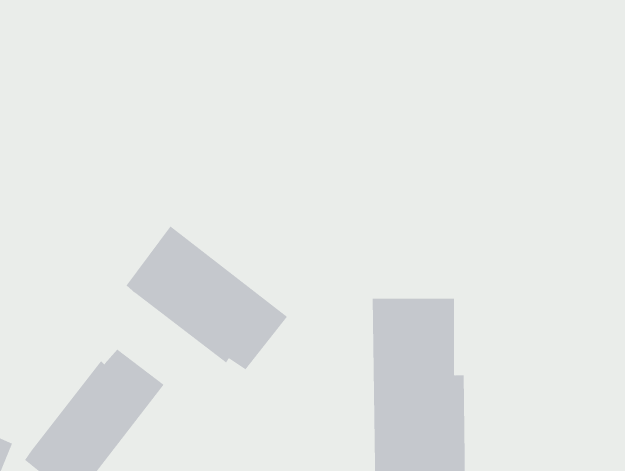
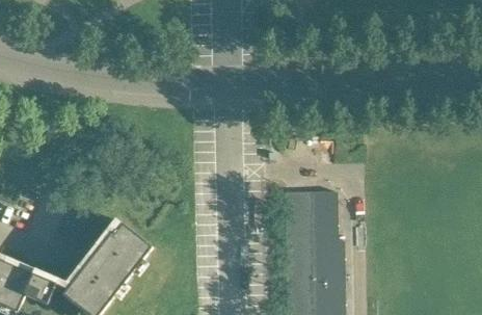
building: [126,226,288,370] -> none

